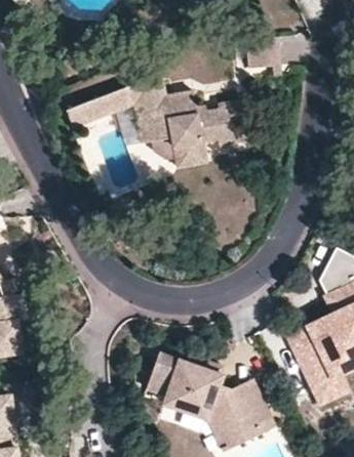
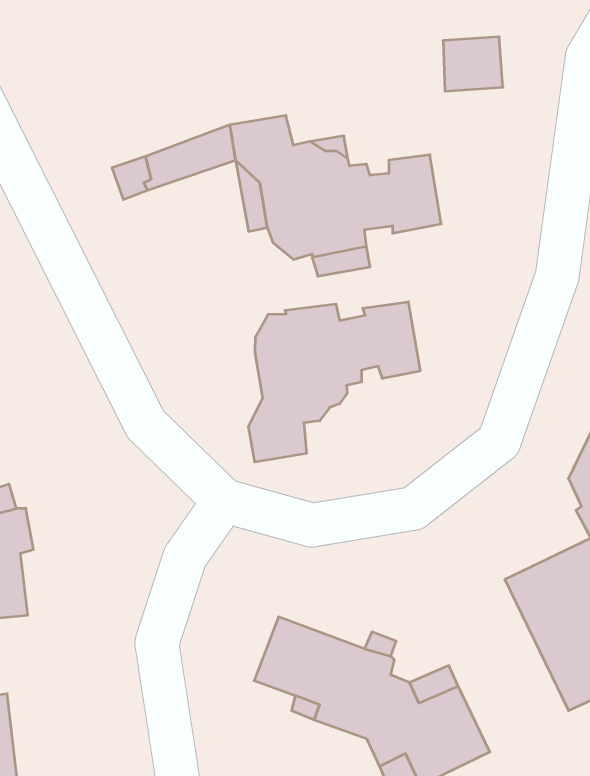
building: none -> [248,302,420,462]

